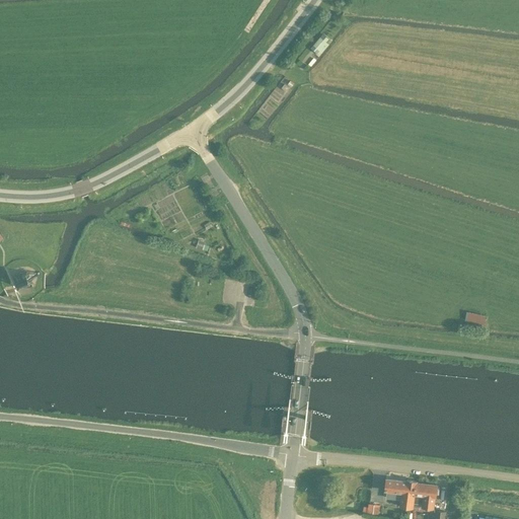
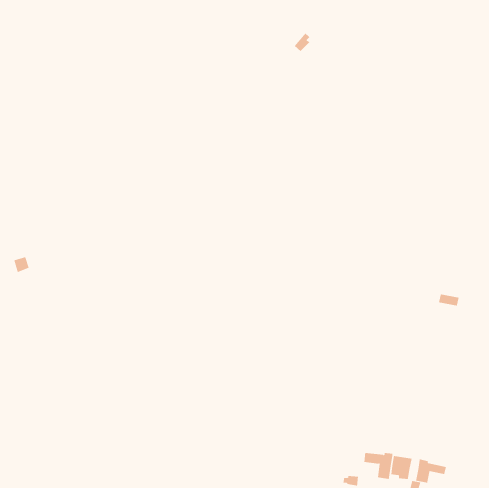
building: none -> [415,459,447,483]

